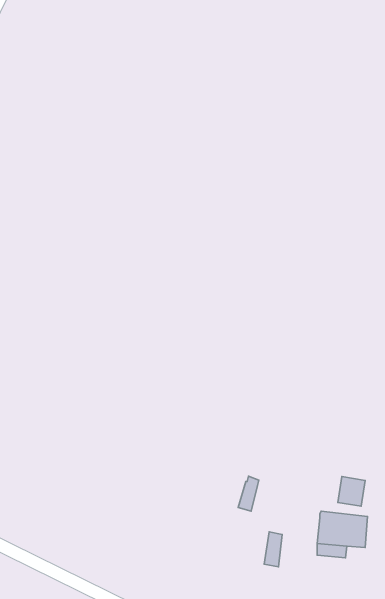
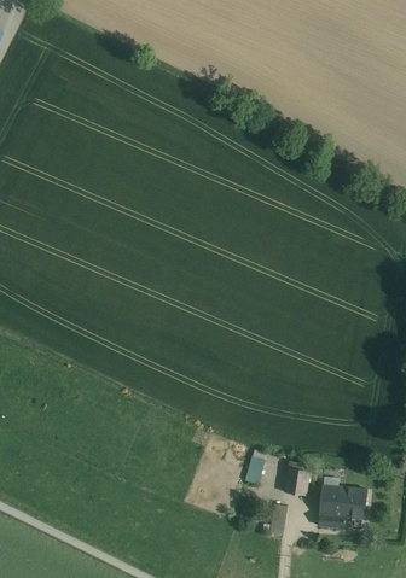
building: [338,476,365,506] -> [284,466,309,494]

